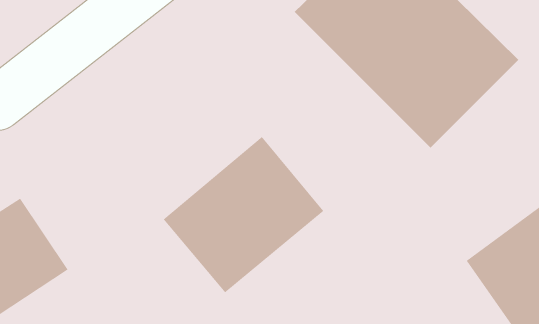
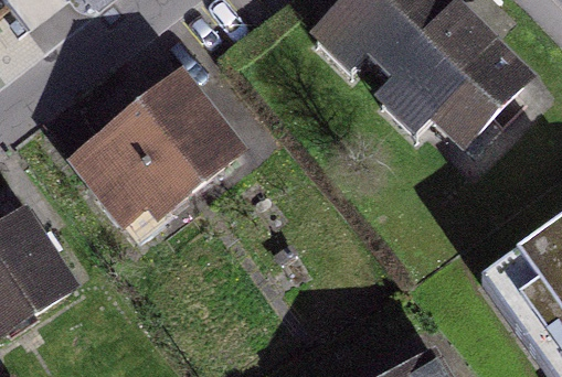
building: [163,136,324,293] -> [76,68,243,230]

